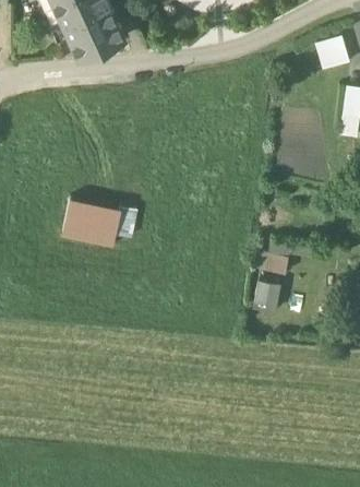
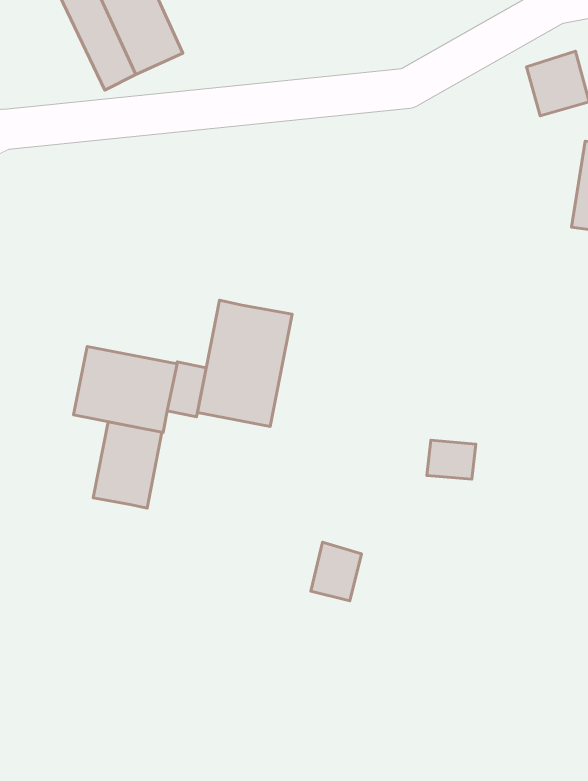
building: none -> [198,300,292,426]
building: none -> [93,422,162,508]
building: [253,283,281,316] -> [311,542,361,601]

